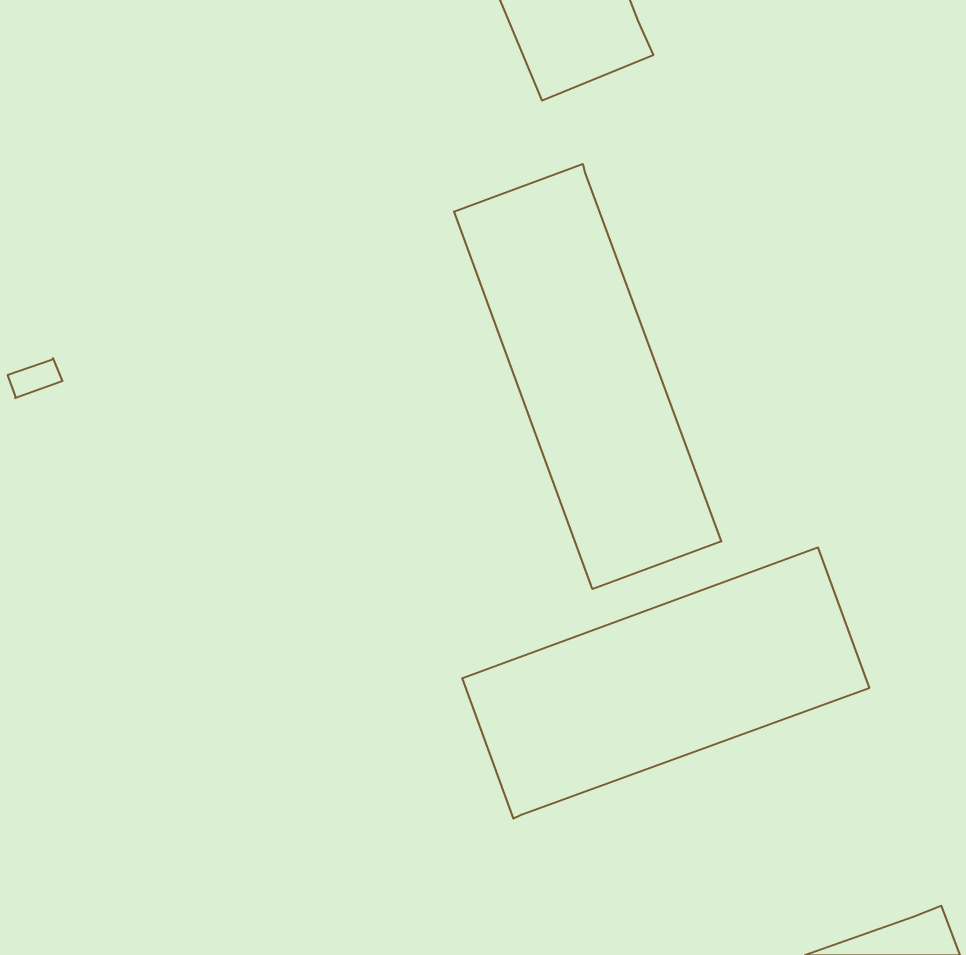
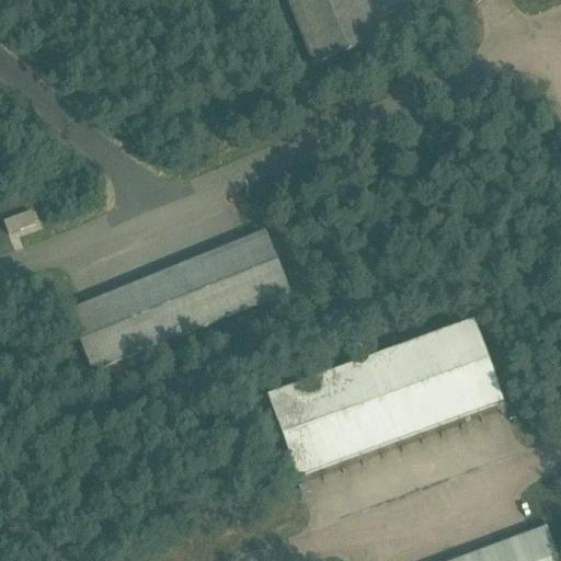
building: [454,164,721,589] -> none
building: none -> [69,228,289,367]

